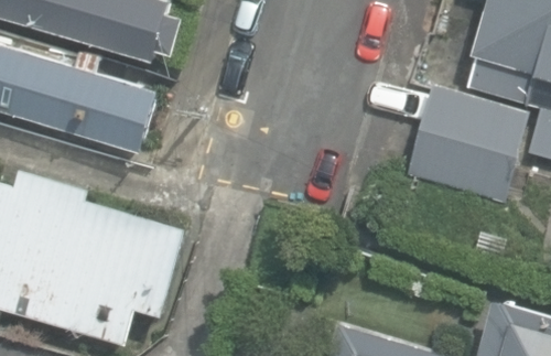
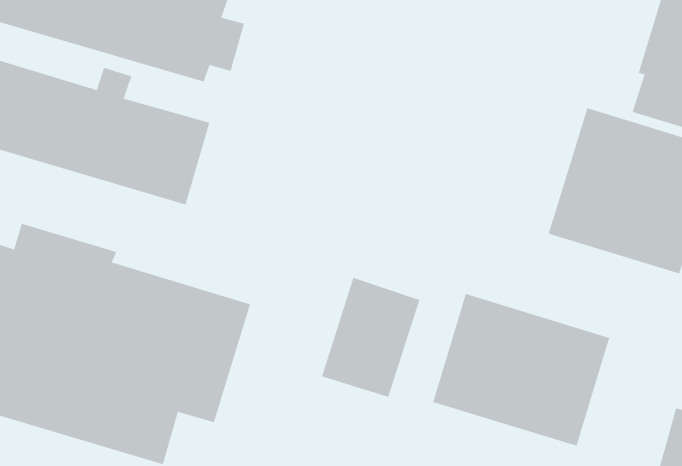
building: none -> [432,293,610,447]

